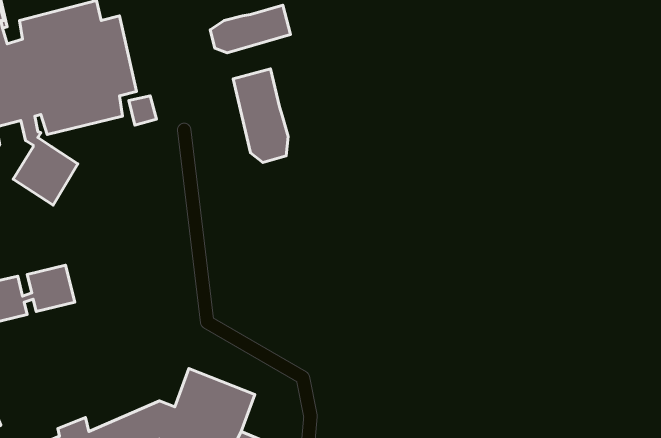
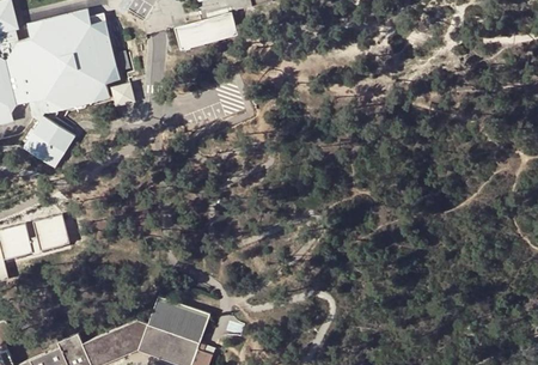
building: [233,69,288,162] -> none

